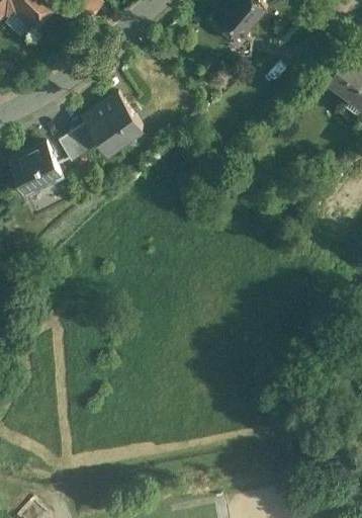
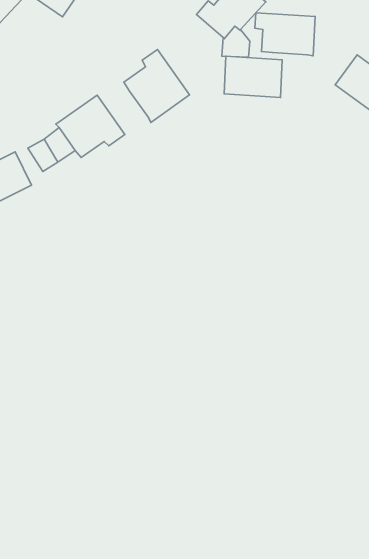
building: none -> [255,13,315,56]
building: none -> [124,49,190,123]
building: none -> [224,56,282,97]

